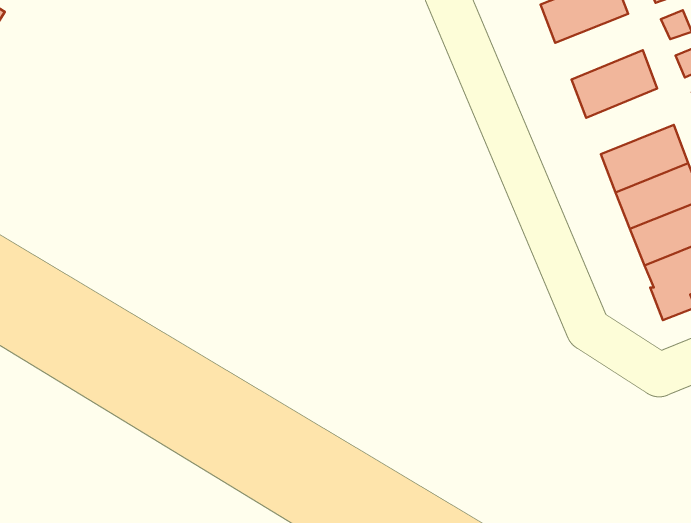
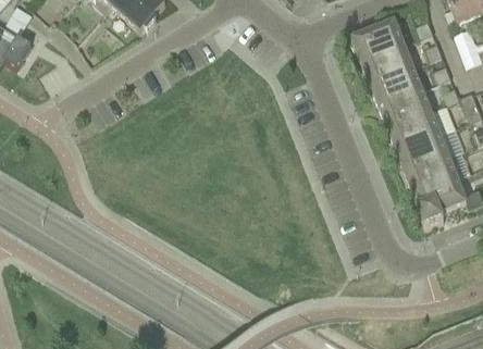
building: none -> [361,41,413,80]
building: none -> [380,86,432,125]

